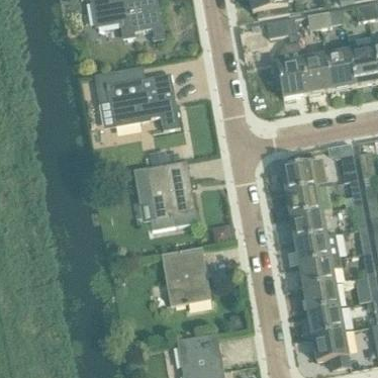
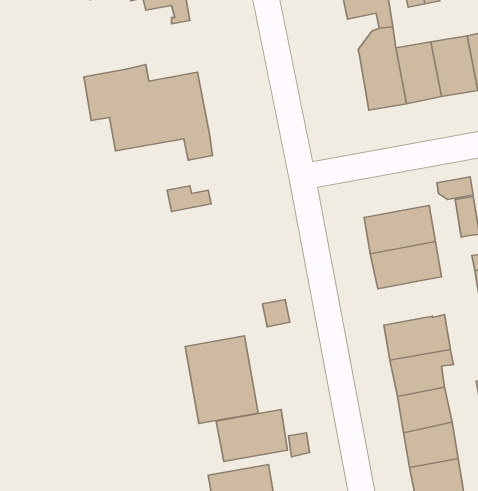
building: [131,162,196,232] -> none
building: [289,210,325,241] -> none
building: none -> [216,410,288,462]

